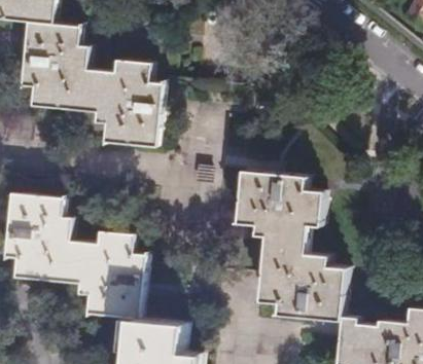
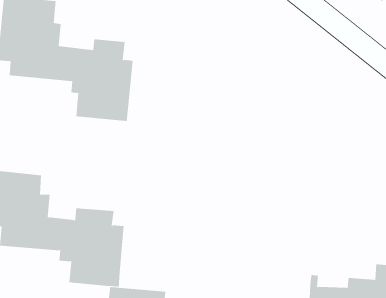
building: [237,166,344,314] -> none

